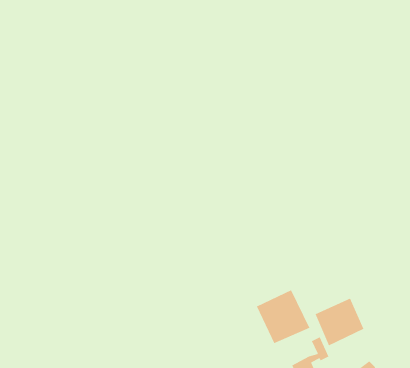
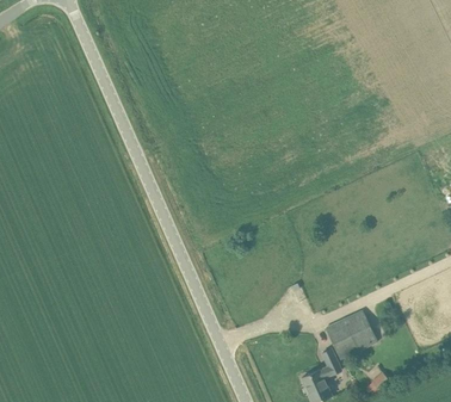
building: [256,289,311,344] -> none

